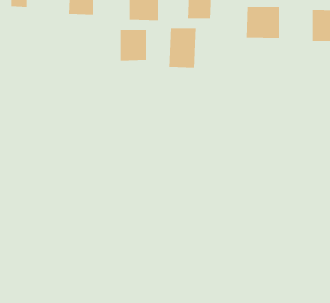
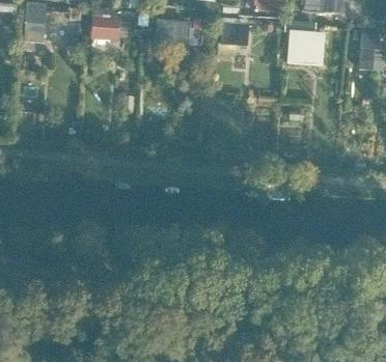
building: [169,28,196,68] -> none
building: [120,29,146,61] -> none

